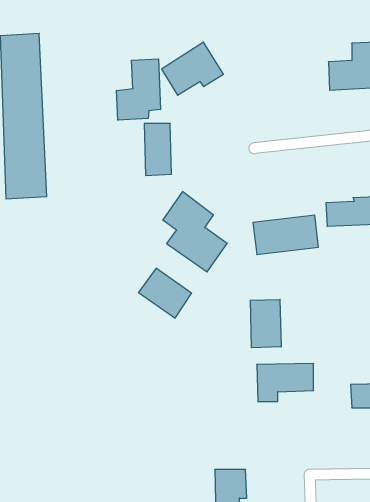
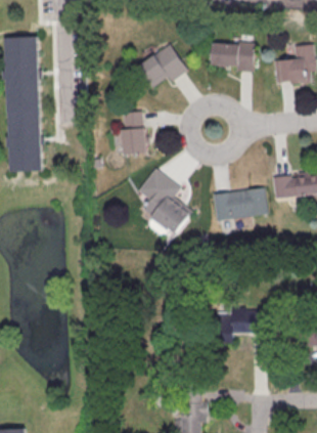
building: none -> [211,42,254,72]
building: [117,59,160,120] -> none
building: [139,268,192,318] -> none
building: [251,299,281,348] -> none

